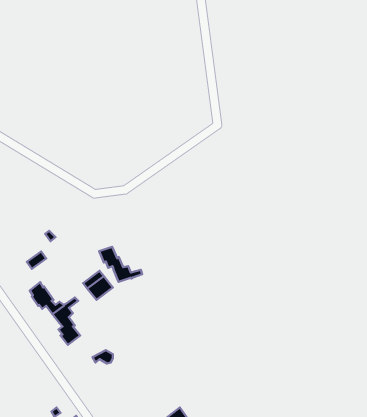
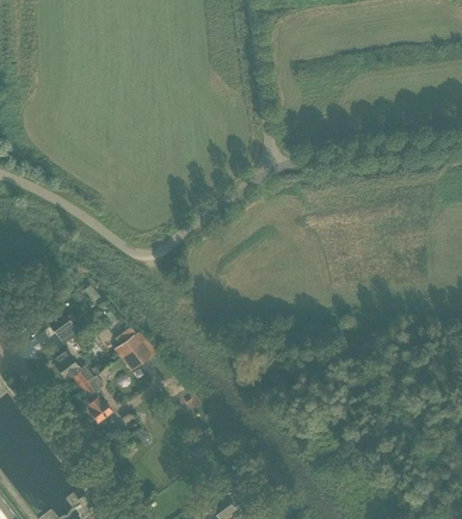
building: [99,247,142,282] -> none

